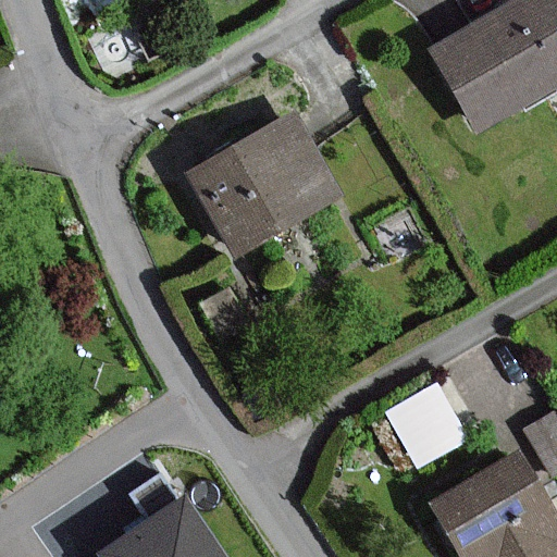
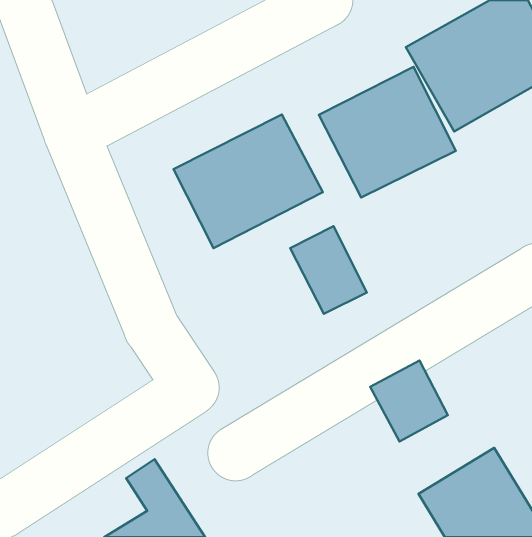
building: none -> [319,67,456,198]
building: none -> [290,226,367,314]

